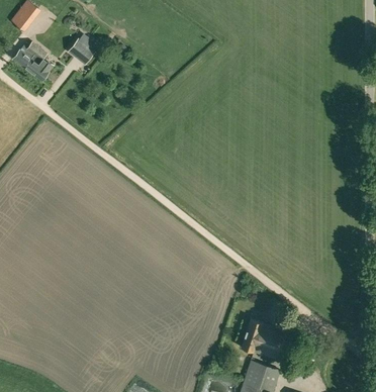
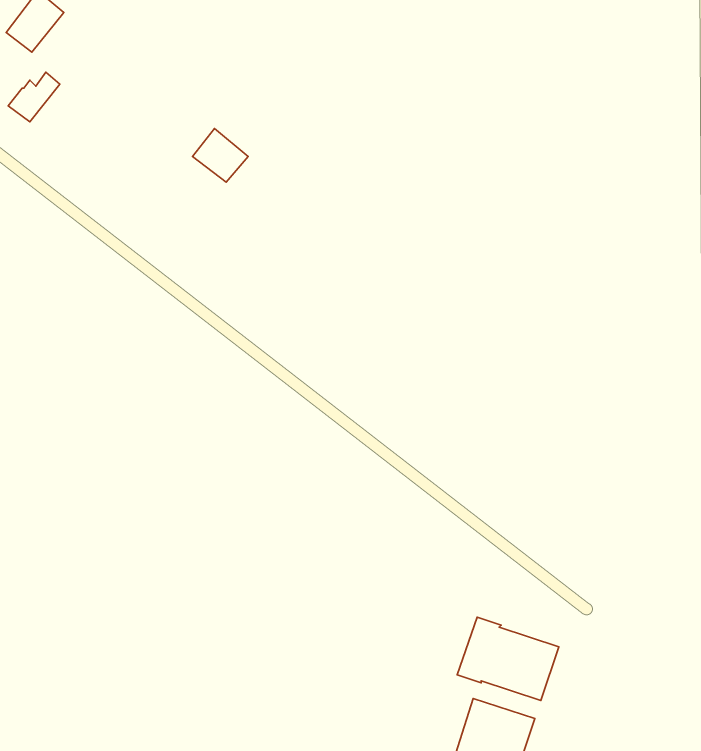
building: [68,36,96,64] -> [192,129,248,182]
building: [24,46,54,80] -> none

